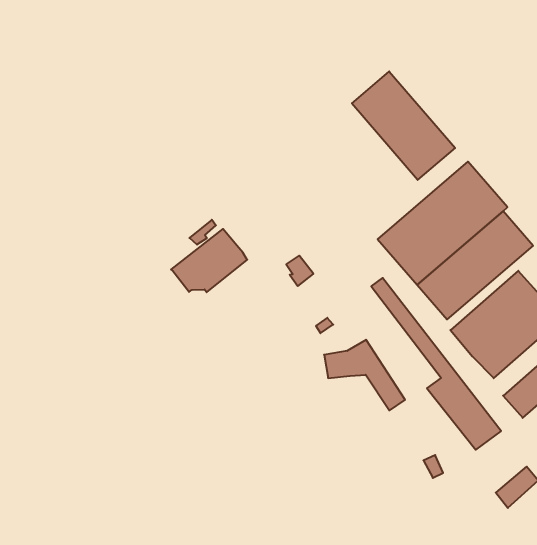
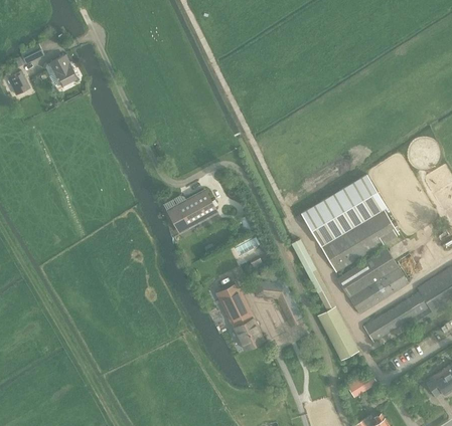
building: [352,71,455,180] -> none
building: none -> [216,284,263,350]

